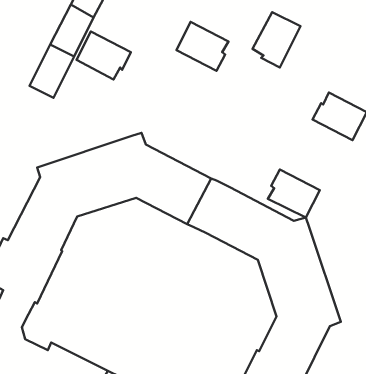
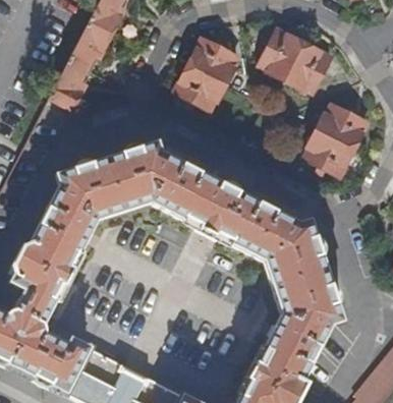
building: none -> [285,42,330,91]
building: [77,32,131,79] -> [175,64,226,109]
building: [268,170,320,217] -> [304,129,353,174]

